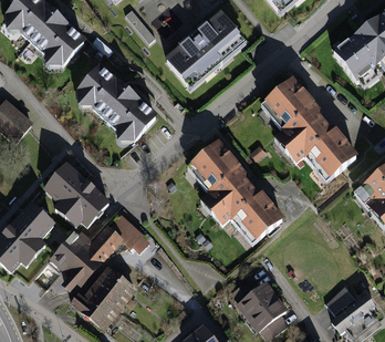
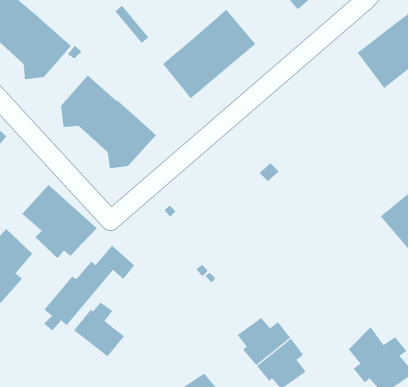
building: [260,74,357,179] -> none
building: [185,137,283,241] -> none
building: [52,229,89,269] -> none
building: [72,287,119,328] -> none

